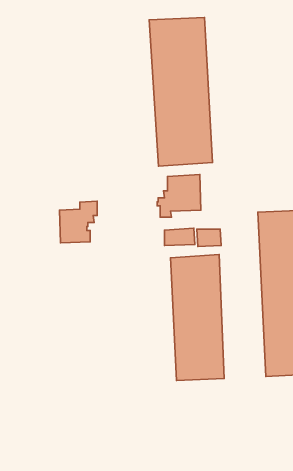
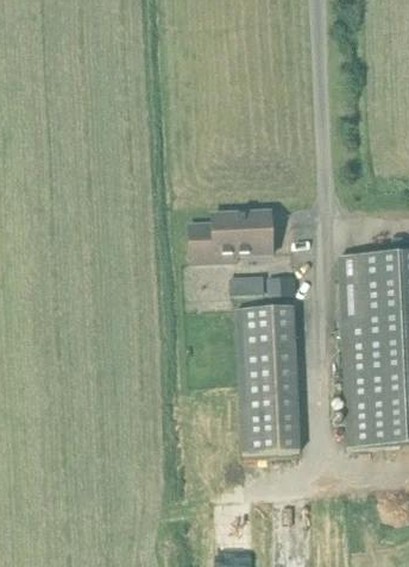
building: [149,18,213,166] -> none
building: [60,201,97,243] -> [189,213,233,262]

